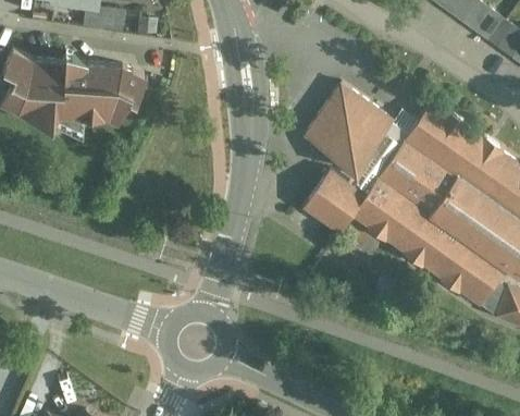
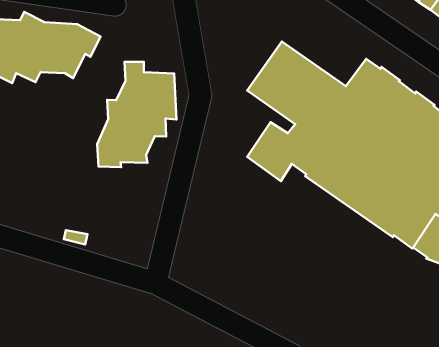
building: none -> [97,62,176,167]

